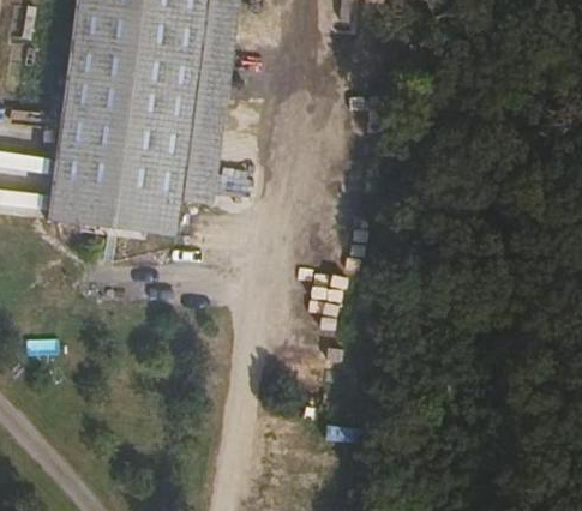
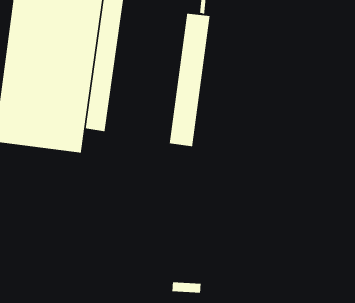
building: none -> [169,13,210,147]

